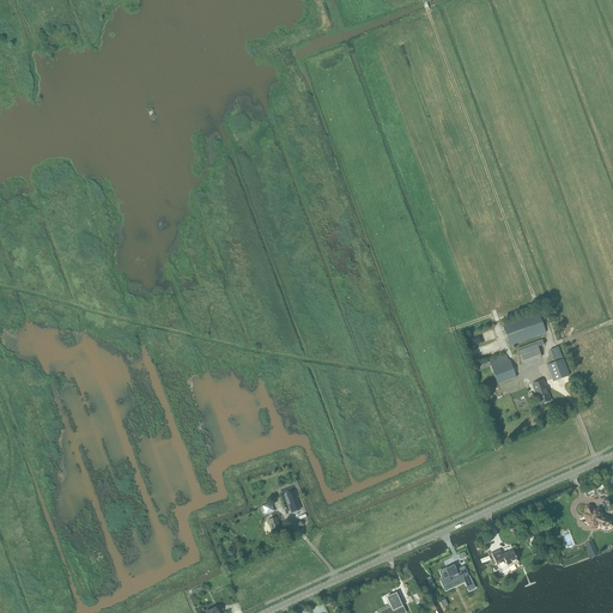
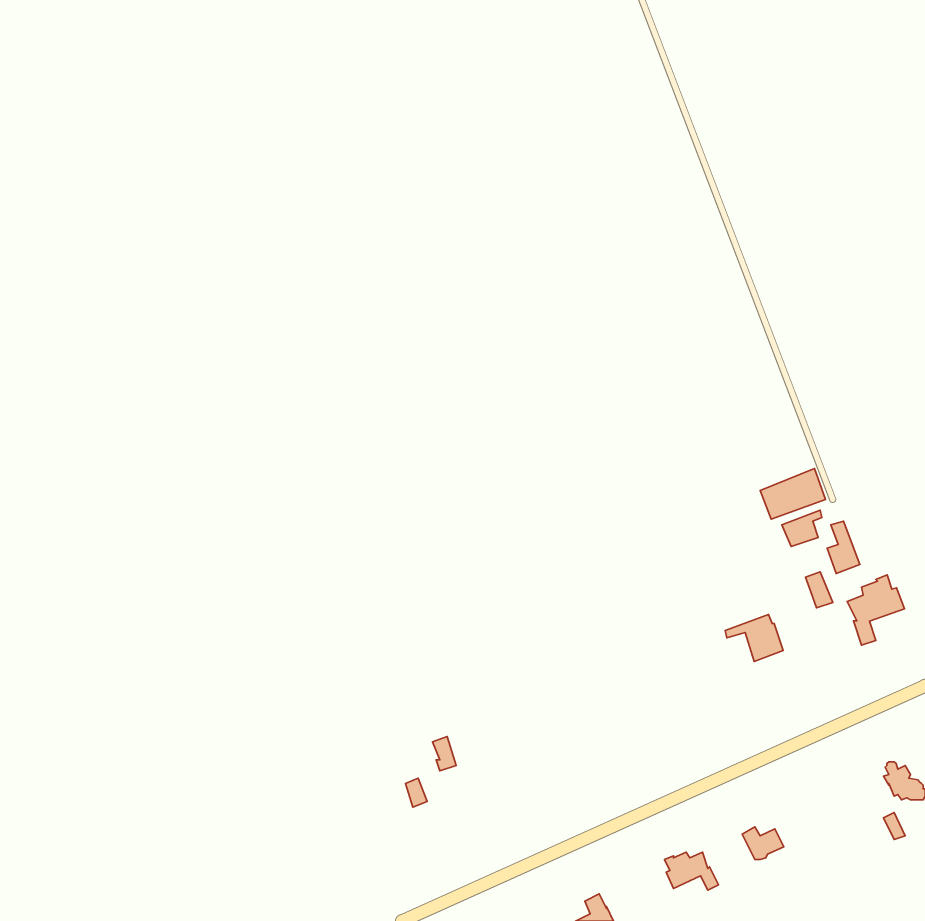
building: [478,352,516,383] -> [725,614,783,661]
building: none -> [847,575,904,645]

